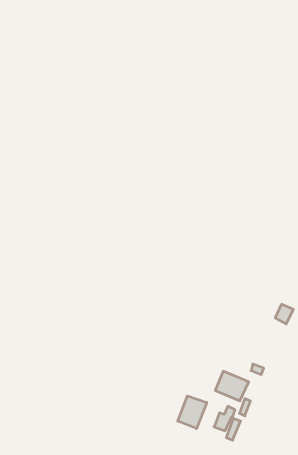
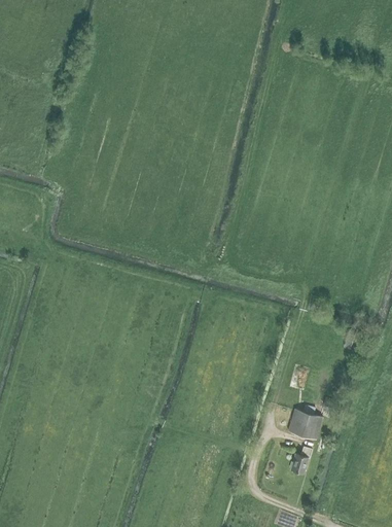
building: [178,396,207,429] -> none

